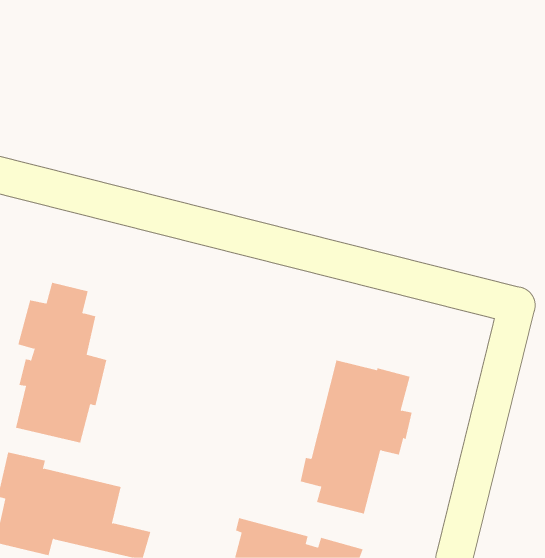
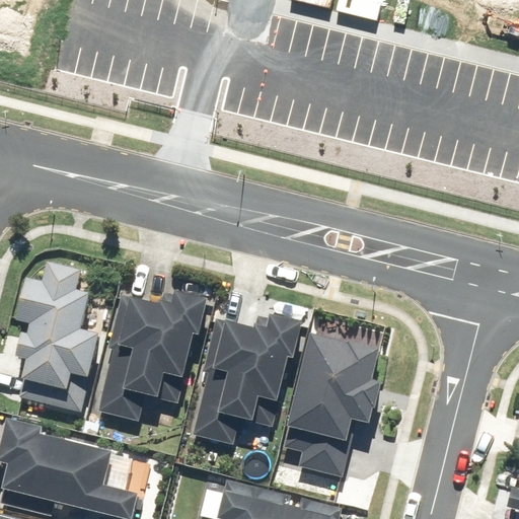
building: none -> [92,291,208,421]
building: none -> [188,314,303,444]

